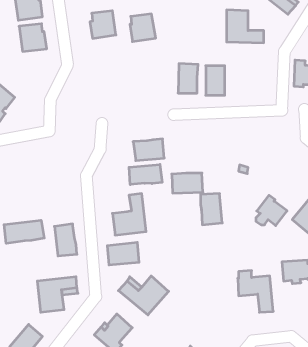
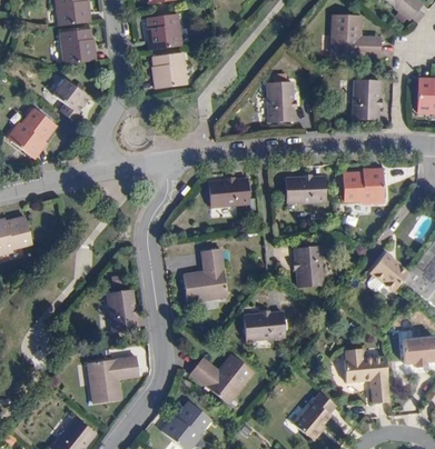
building: [130,14,156,42] -> [158,52,191,88]
building: none -> [52,79,89,121]
building: [206,66,225,95] -> [352,79,376,117]
building: none -> [345,170,385,203]
building: [129,164,162,185] -> none
building: [172,173,203,193] -> [287,178,327,203]
building: [4,220,44,243] -> none
building: [107,242,139,265] -> [243,313,284,342]
building: none -> [293,389,335,436]

